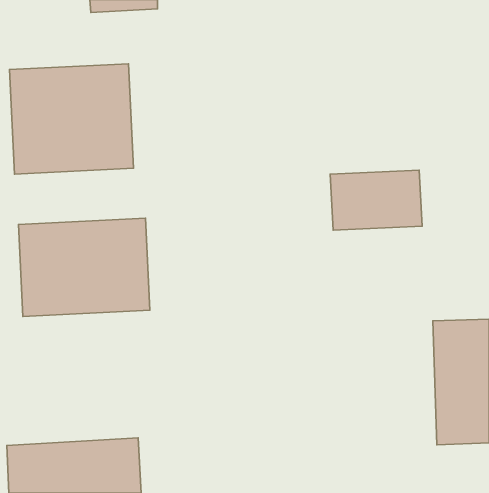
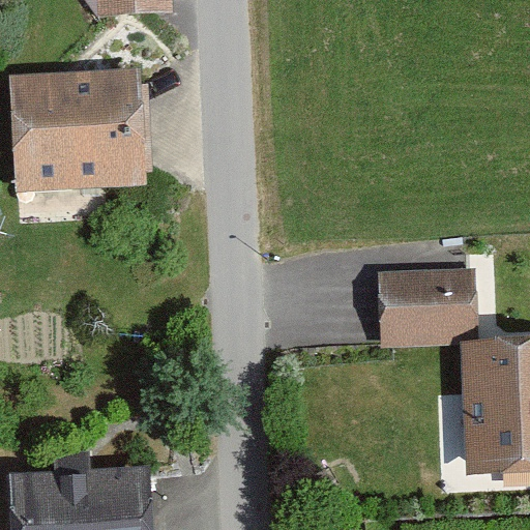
building: [330,170,422,230] -> [379,271,477,335]
building: [18,218,150,316] -> none

